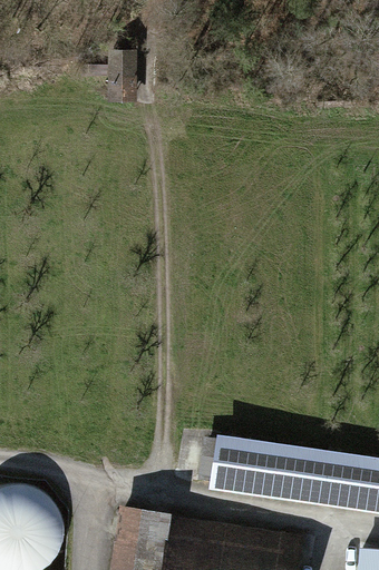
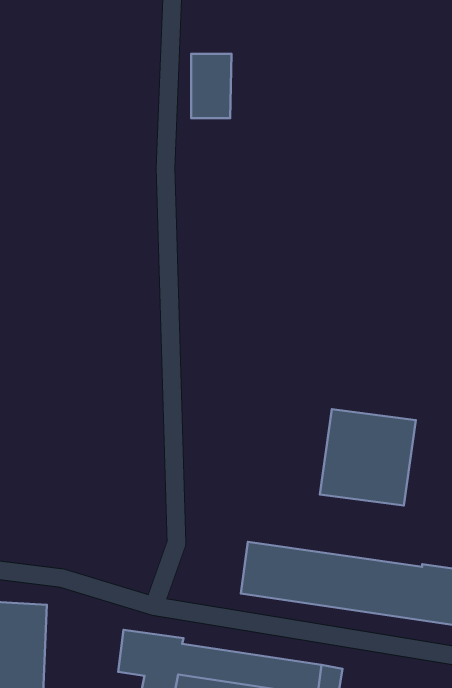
building: [103,49,135,100] -> [191,54,232,118]
building: none -> [320,409,416,505]

